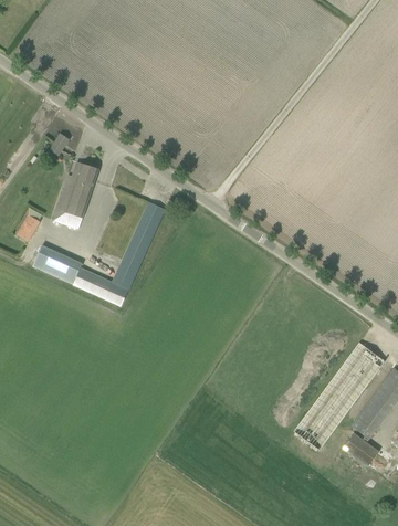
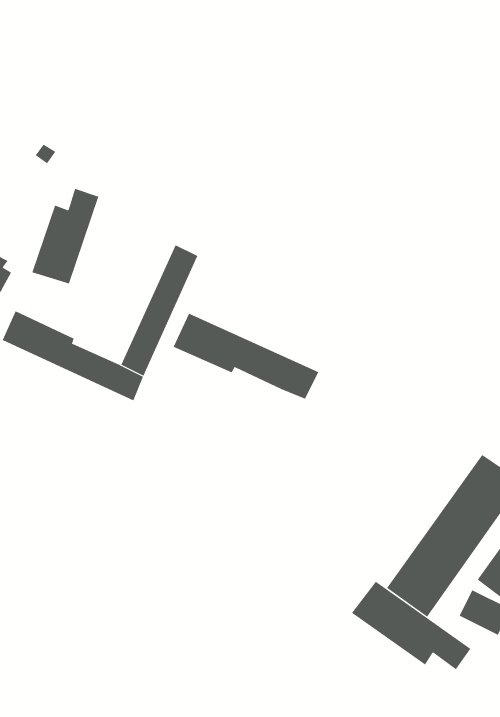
building: none -> [173,313,319,399]
building: none -> [351,581,471,670]

